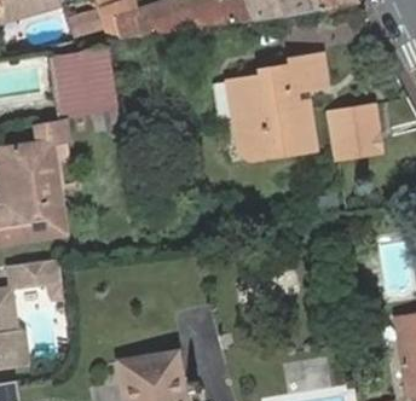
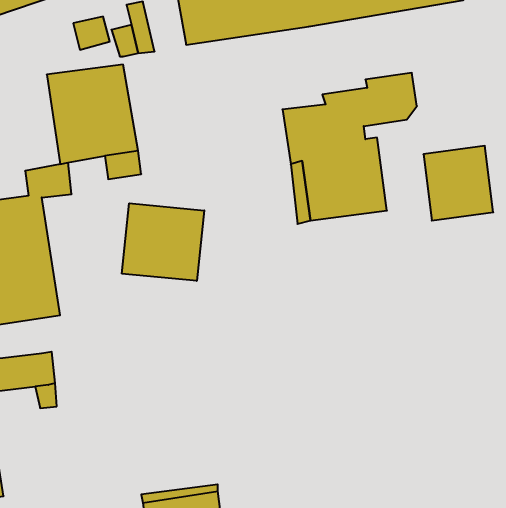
building: none -> [122,203,204,281]

